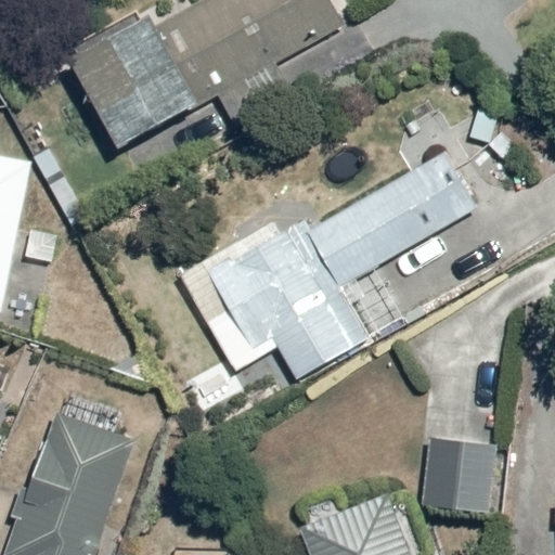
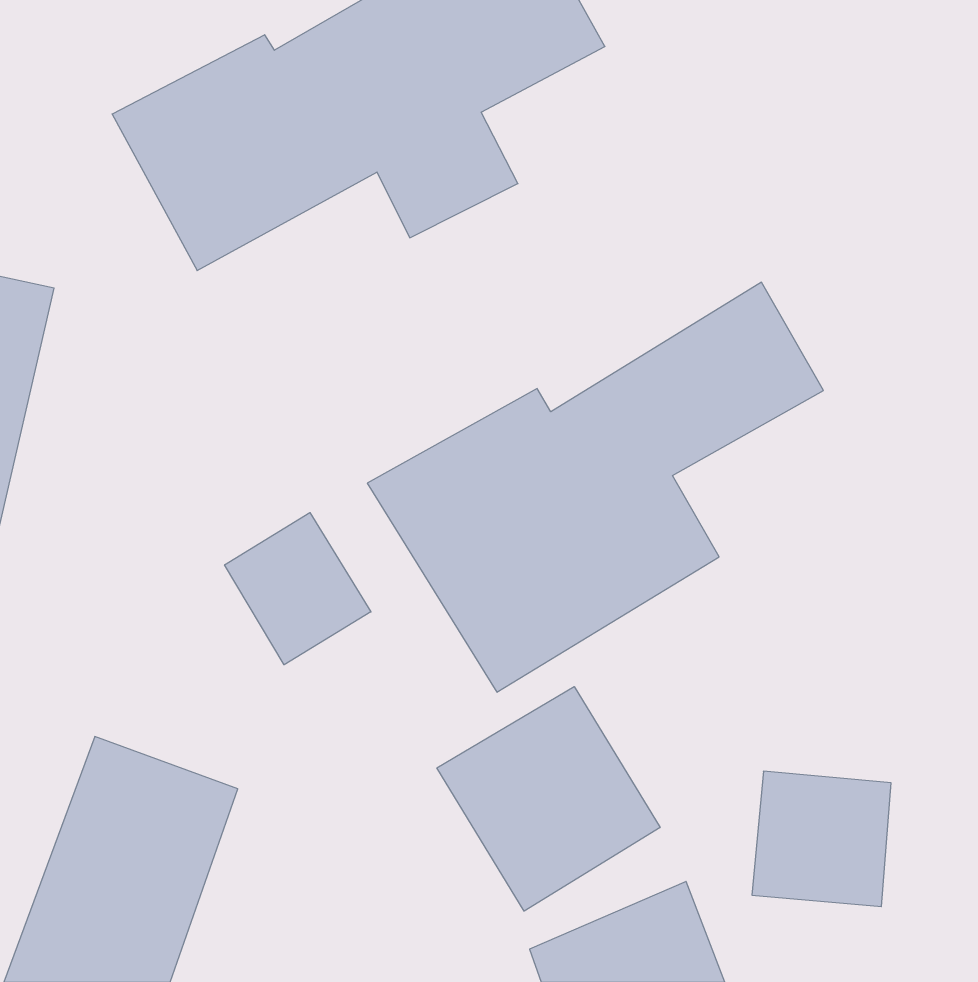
building: none -> [225,513,371,665]
building: none -> [437,687,660,911]

